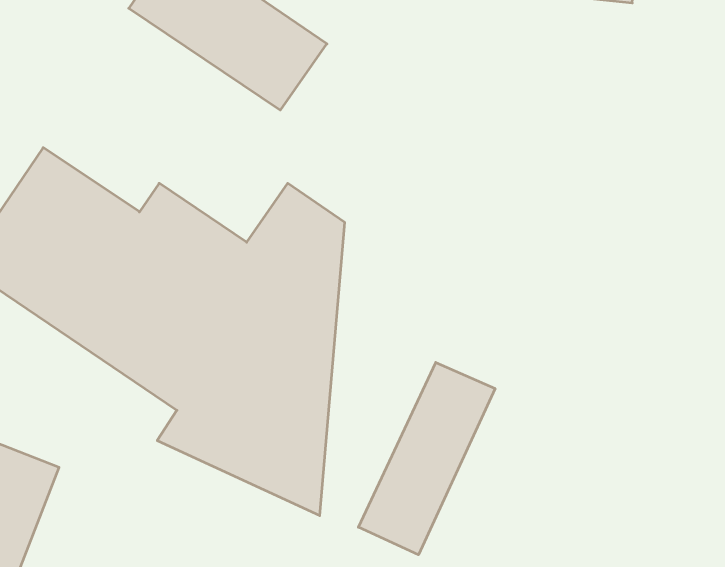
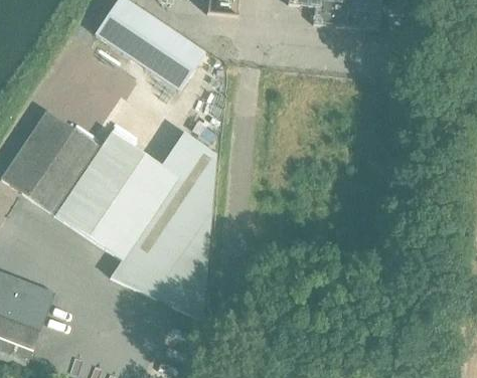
building: [358,362,495,555] -> none

